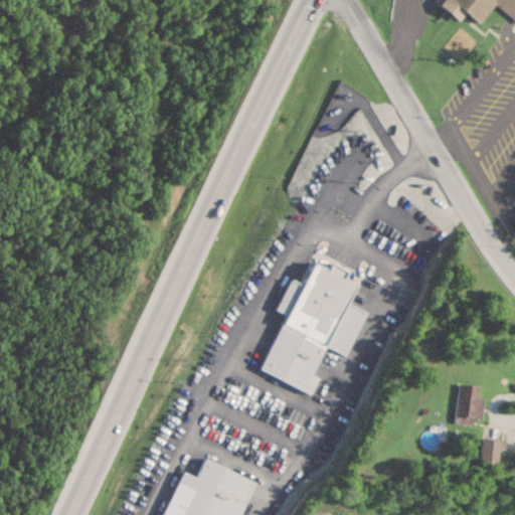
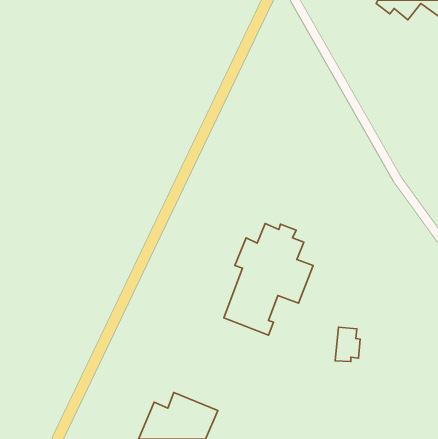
building: [454,384,483,424] -> [335,327,360,362]
building: [478,439,502,469] -> none

